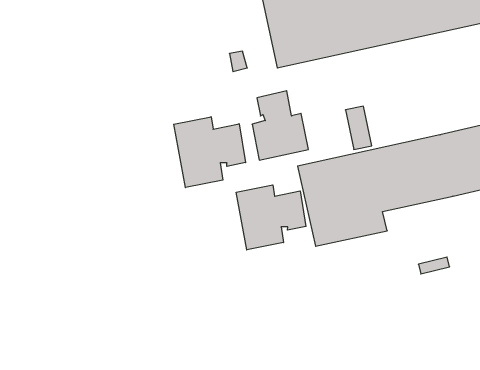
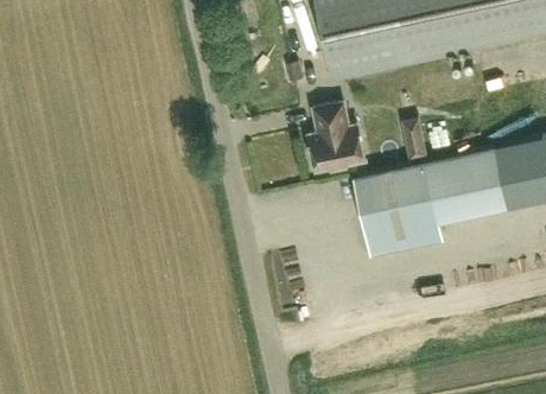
building: [174,117,246,188] -> none
building: [236,185,306,250] -> none

